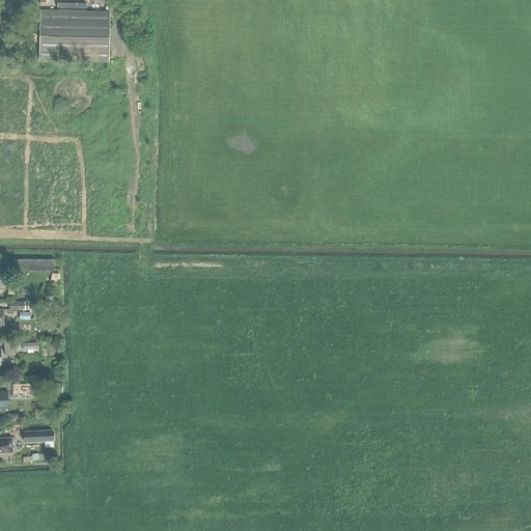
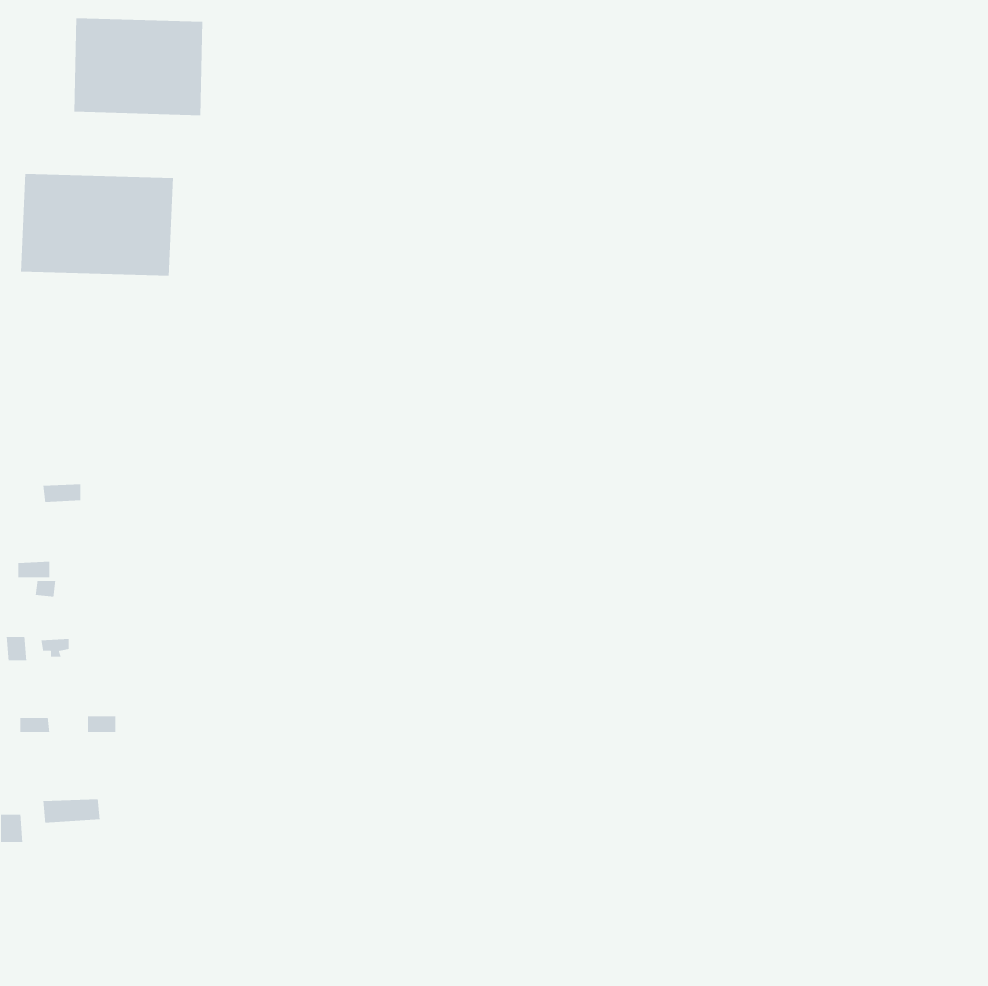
building: none -> [20,173,174,277]

